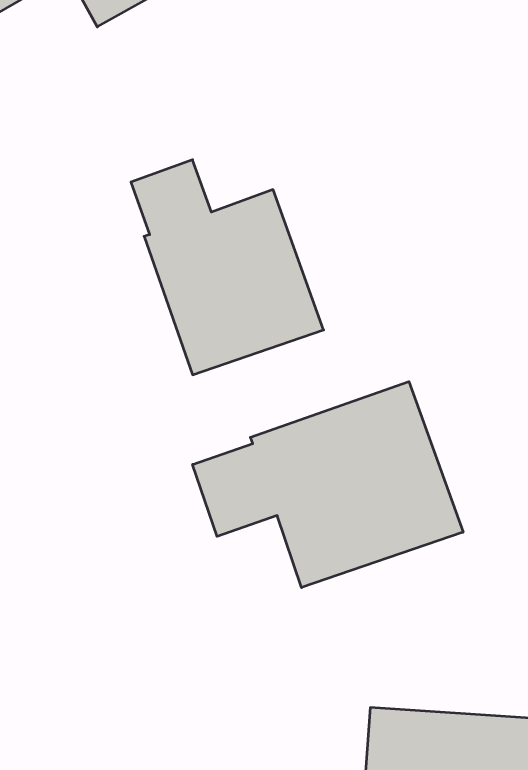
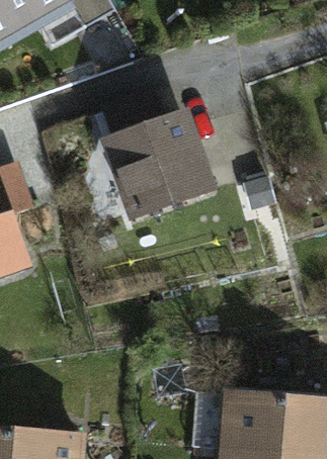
building: [193,382,463,588] -> none

